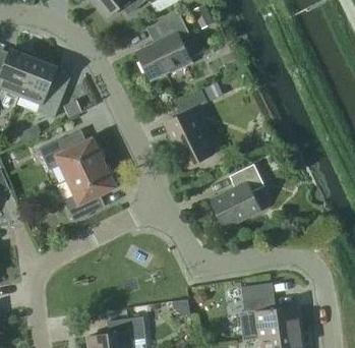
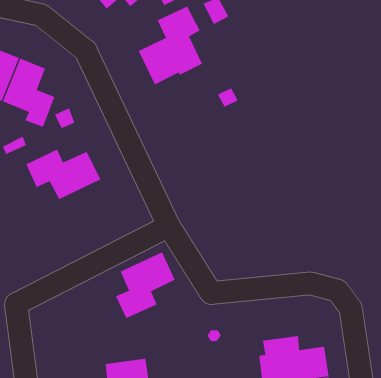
building: [164,89,212,167] -> none
building: [63,162,115,220] -> [115,251,175,319]
building: [210,164,263,228] -> none

